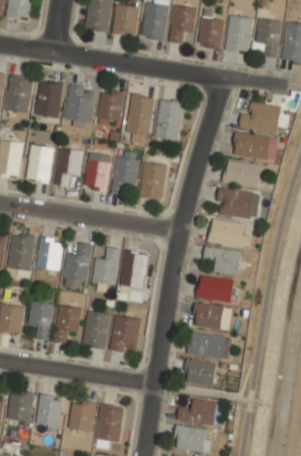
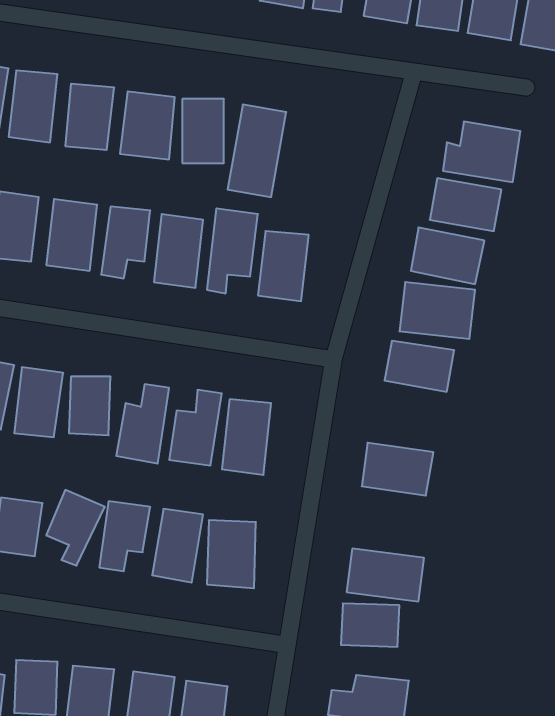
building: [155,99,183,141] -> none
building: [202,245,241,276] -> none
building: [193,306,228,328] -> none

